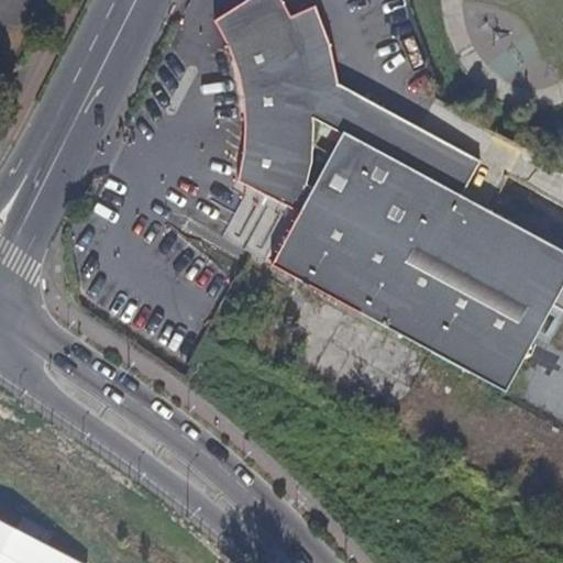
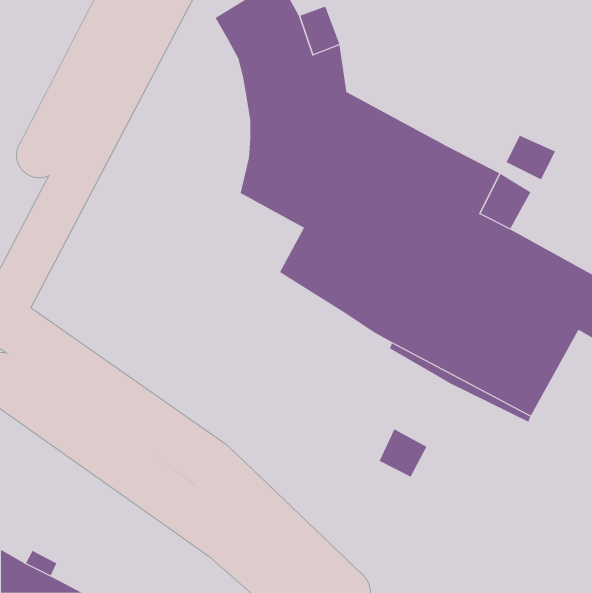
building: none -> [506,135,556,180]
building: none -> [379,428,427,478]

